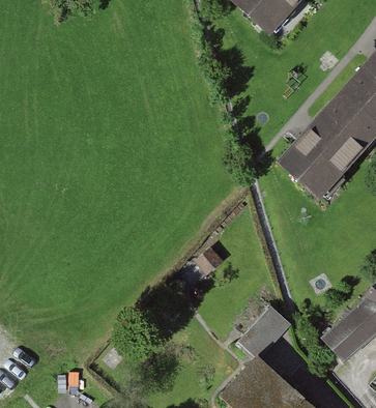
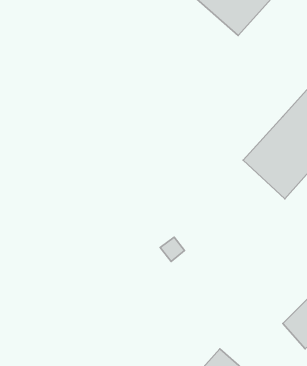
building: [237,301,292,353] -> none

